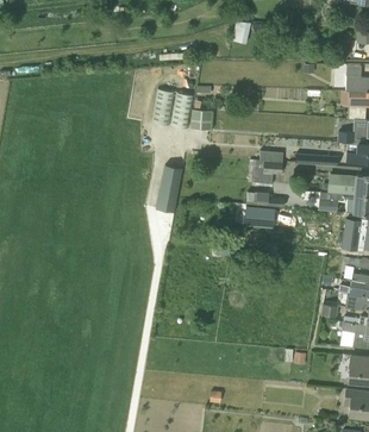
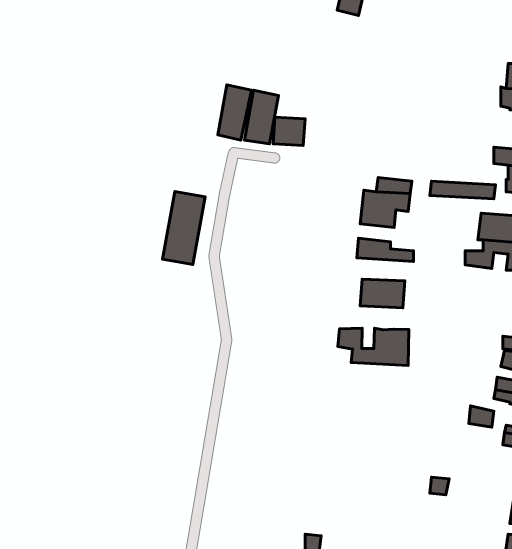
building: [154,164,182,213] -> [162,191,205,264]
building: none -> [338,328,409,366]

